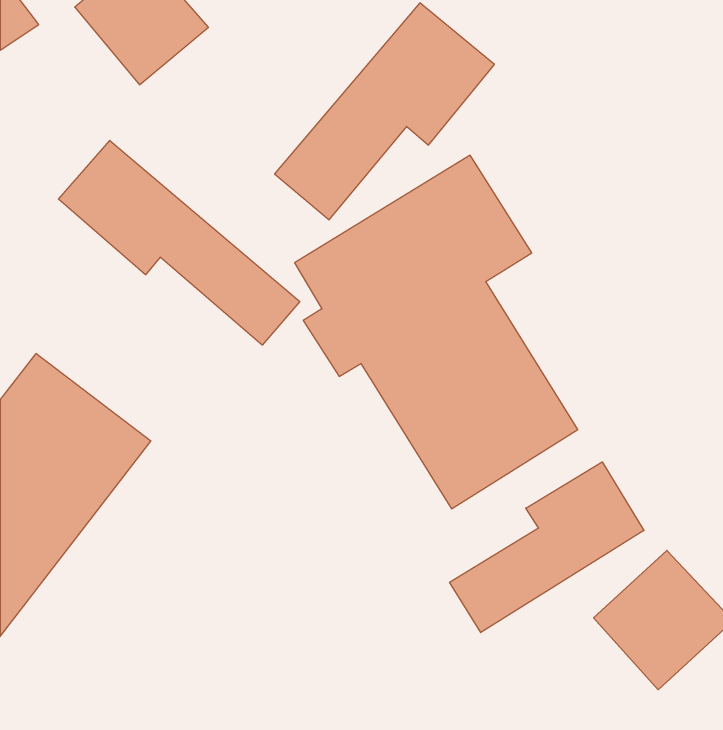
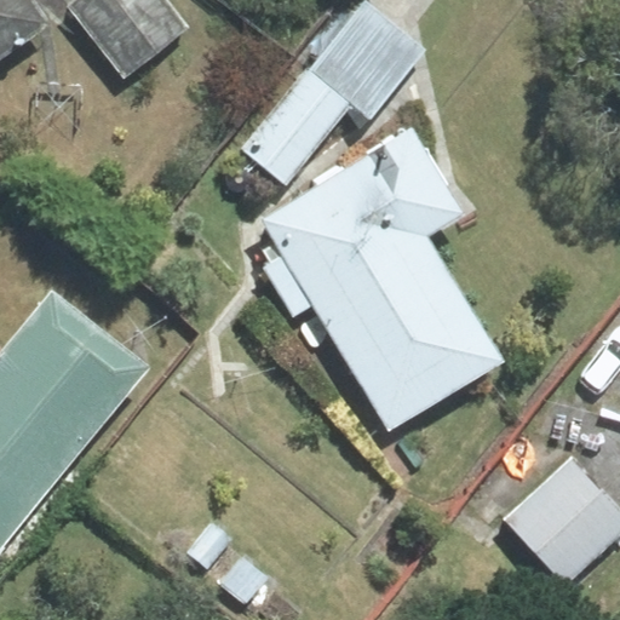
building: [58,140,300,345] -> none
building: [450,462,644,633] -> none

